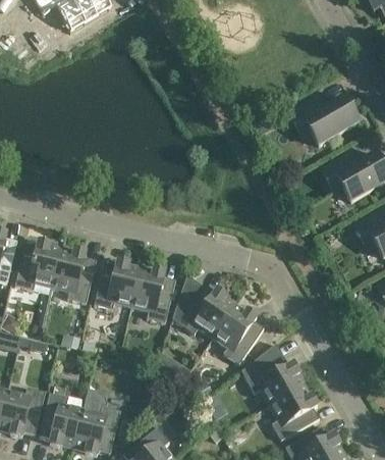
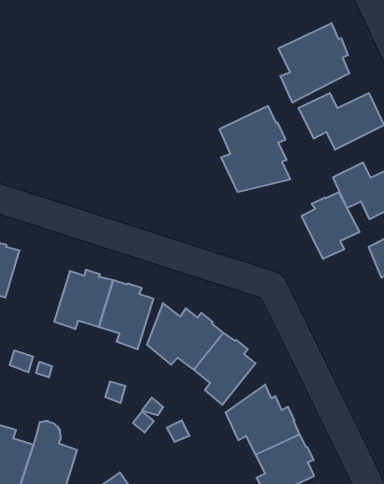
building: none -> [279,23,349,103]
building: none -> [220,106,290,192]
building: none -> [302,192,360,259]
building: [53,248,97,304] -> none

